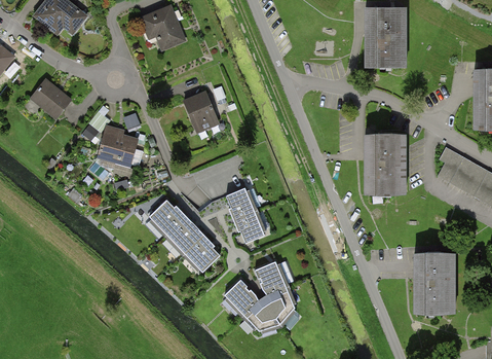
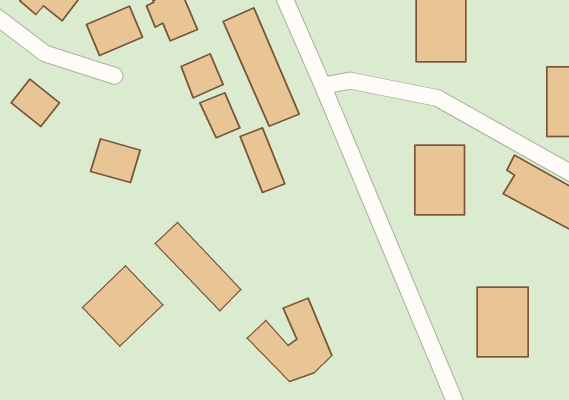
building: none -> [86,6,143,55]
building: none -> [223,8,299,126]
building: none -> [181,54,223,98]
building: [227,189,264,243] -> [240,128,285,193]
building: none -> [82,266,163,346]

